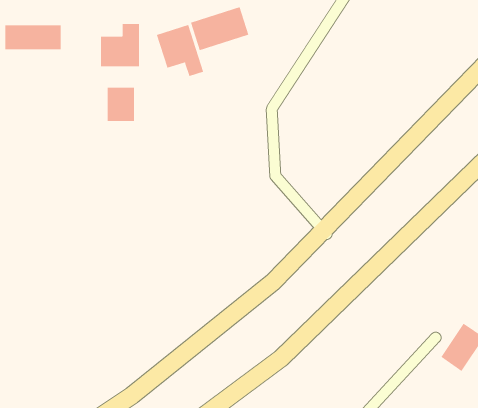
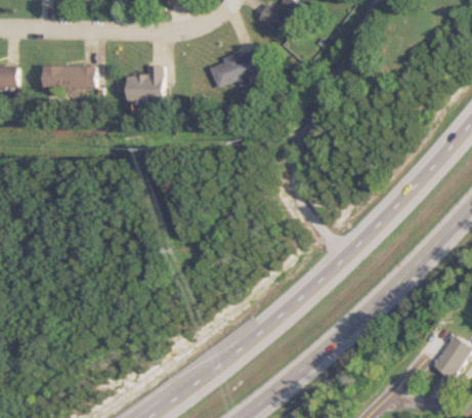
building: [156,24,204,77] -> none
building: [107,87,134,122] -> none

